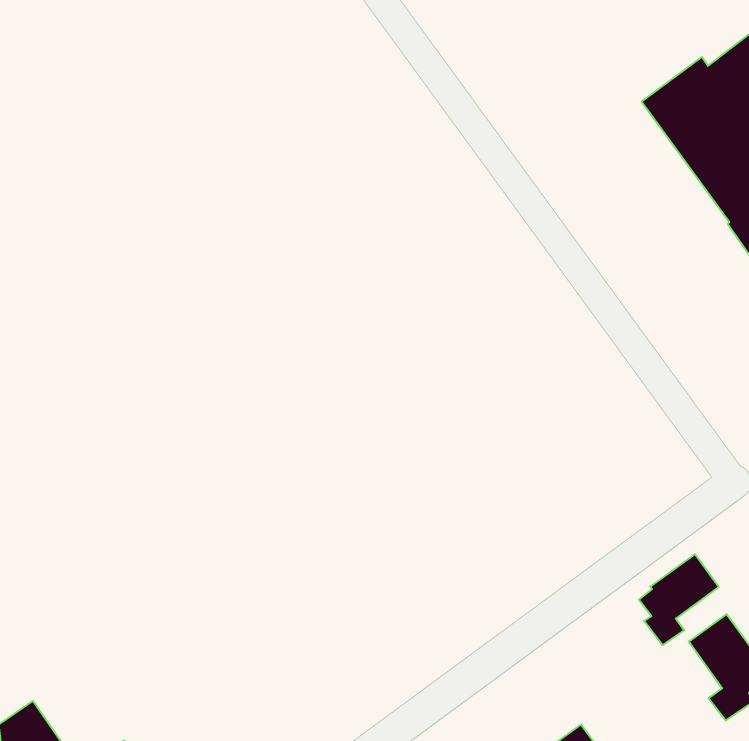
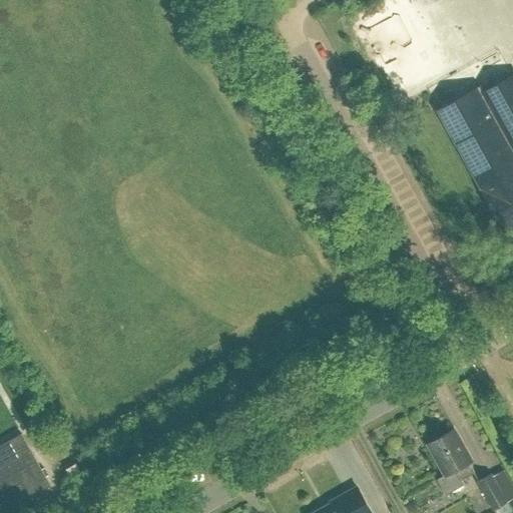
building: [639,554,719,645] -> none

